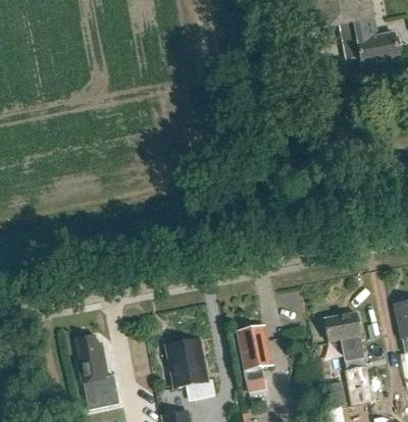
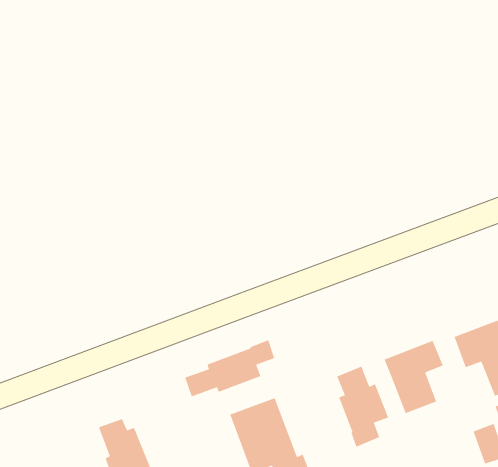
building: none -> [184,339,275,398]
building: none -> [384,340,444,414]

